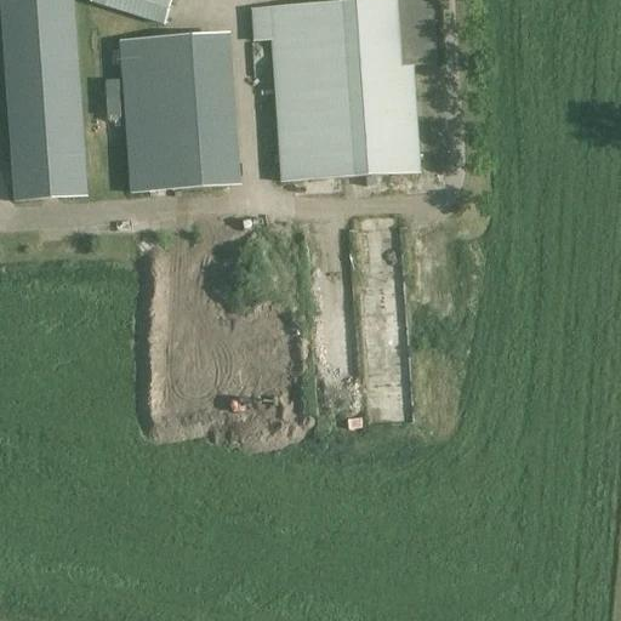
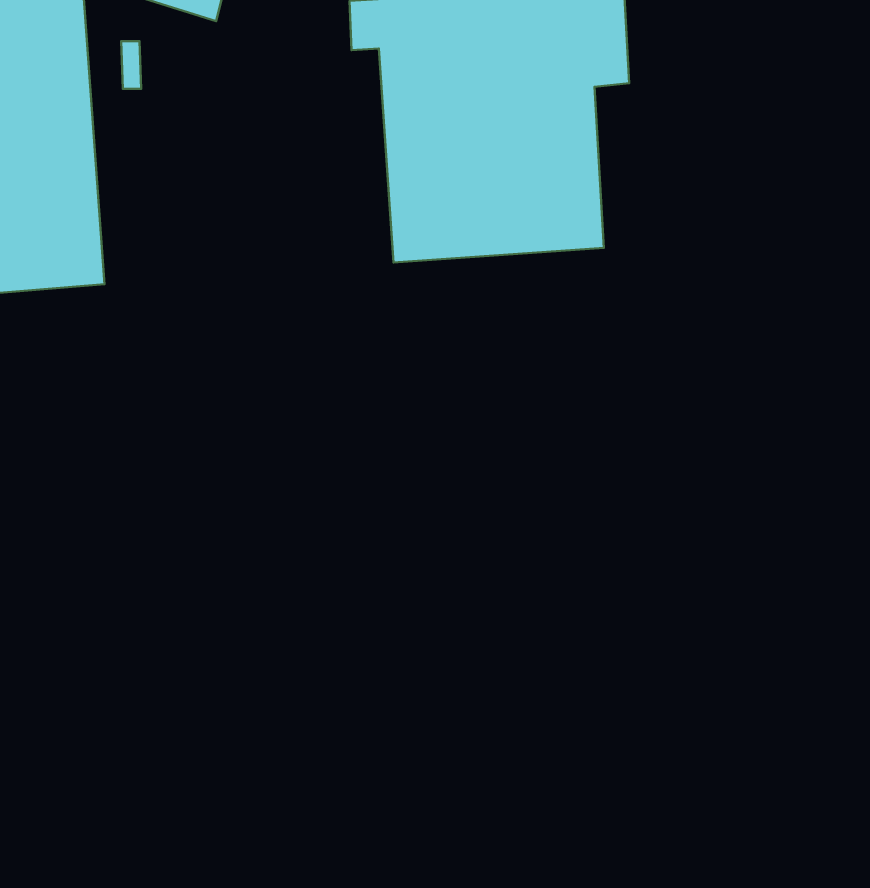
building: [119,30,241,190] -> none

